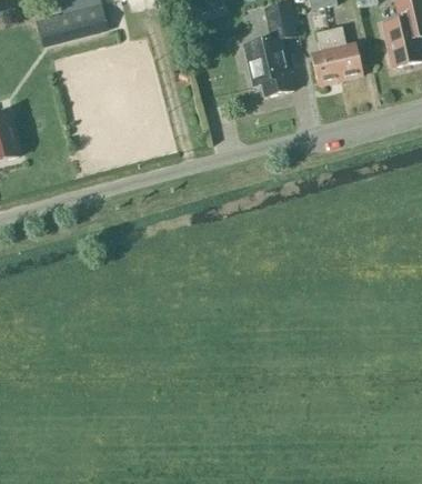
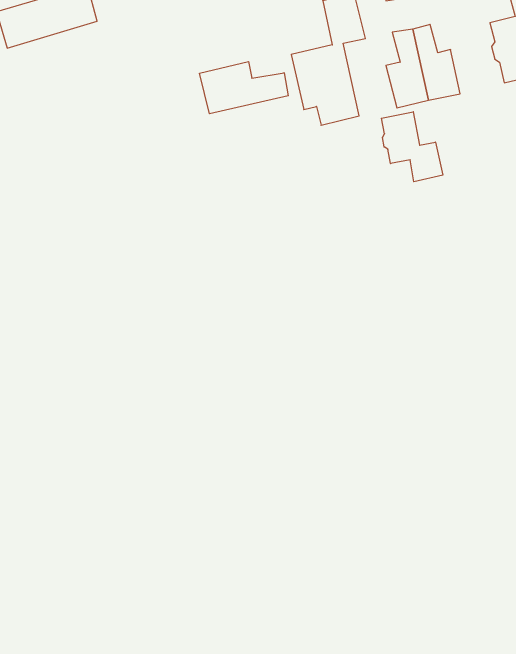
building: none -> [200,62,288,114]
building: none -> [381,112,443,182]

